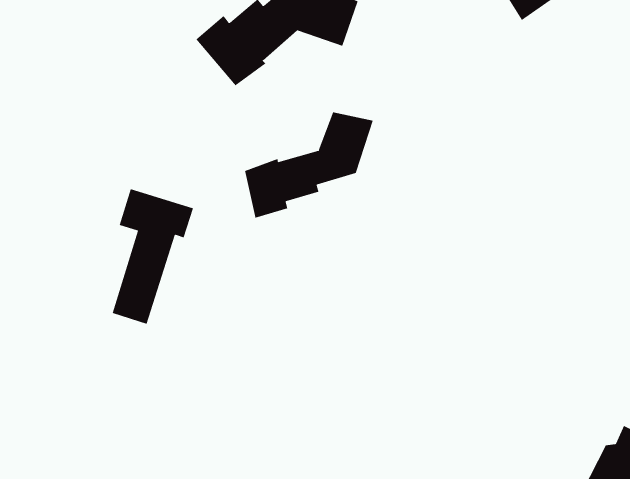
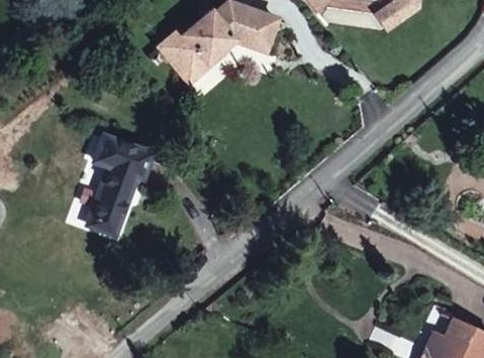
building: [244,112,373,218] -> none

